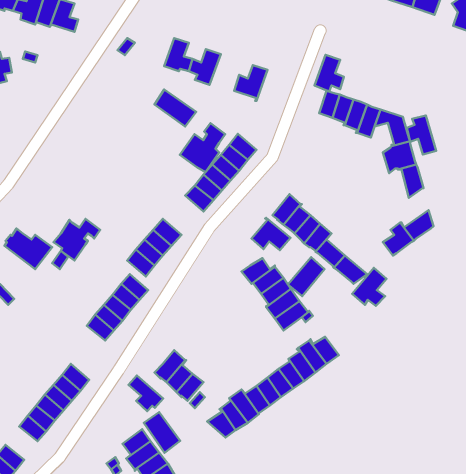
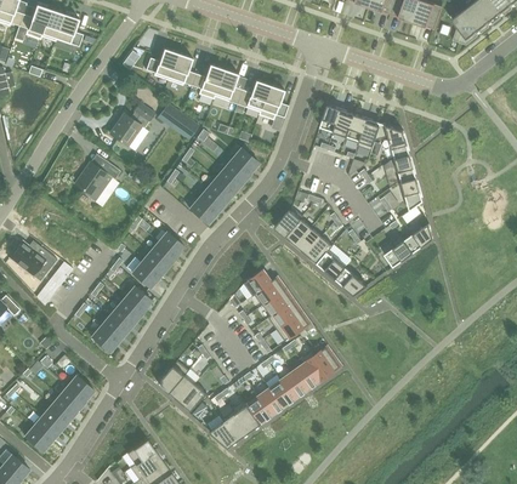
building: none -> [146,47,177,80]
building: none -> [212,68,242,104]
building: [314,55,344,92] -> [259,84,288,120]
building: [407,115,436,154] -> none
building: [180,123,225,172] -> [109,102,154,150]
building: [252,218,290,250] -> none
building: [54,219,100,261] -> [74,160,120,201]
building: [288,257,325,296] -> none
building: [352,268,386,306] -> none
building: [128,375,163,411] -> none
building: [144,412,180,453] -> none

